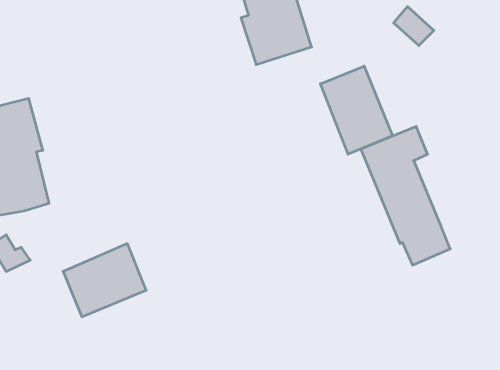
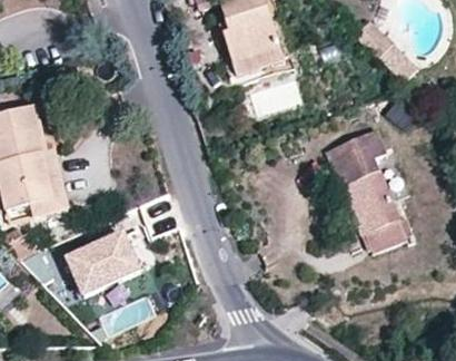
building: [320,66,393,154] -> none
building: none -> [31,149,68,217]

